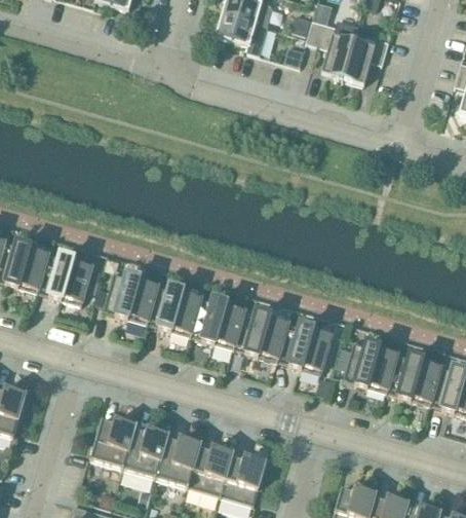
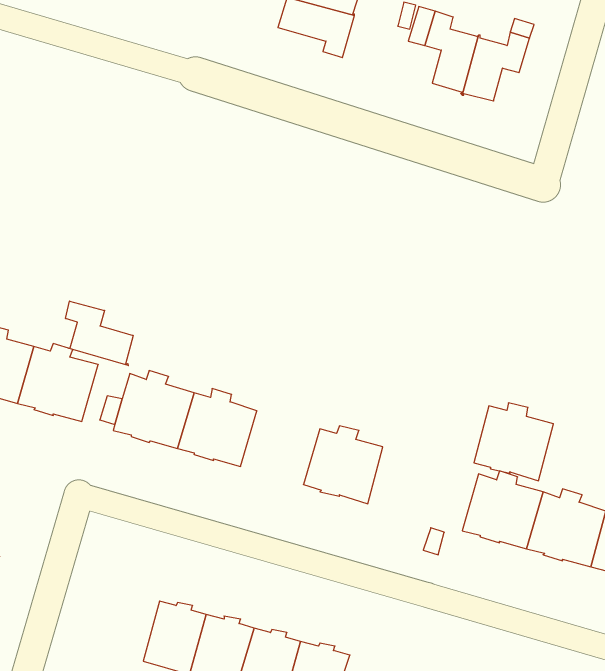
building: none -> [66,301,133,366]
building: [192,293,246,345] -> none
building: [279,318,334,371] -> [474,403,553,481]
building: [90,416,138,467] -> none

